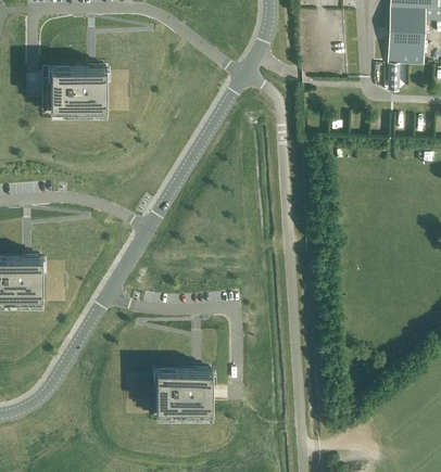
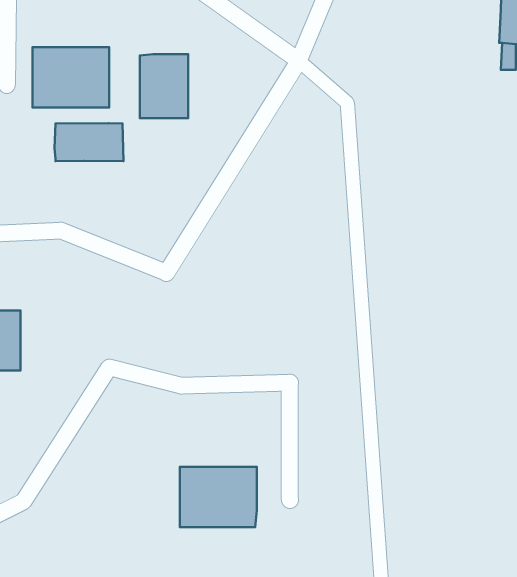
building: none -> [140,54,188,118]
building: none -> [55,123,124,161]

